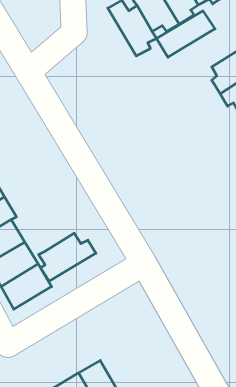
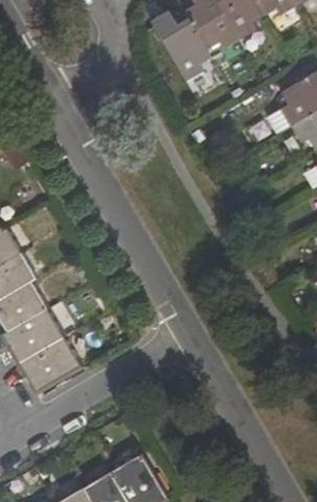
building: [156,11,215,57] -> none
building: [39,233,96,281] -> none

